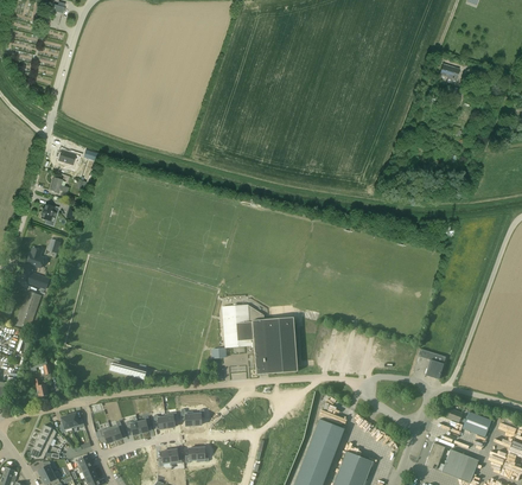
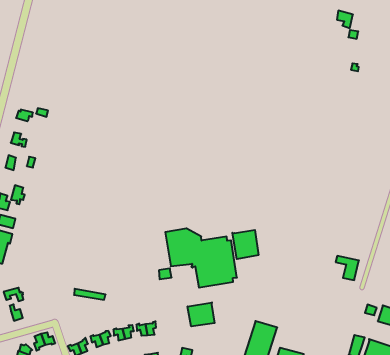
building: none -> [232,230,258,259]
building: none -> [188,302,215,326]

